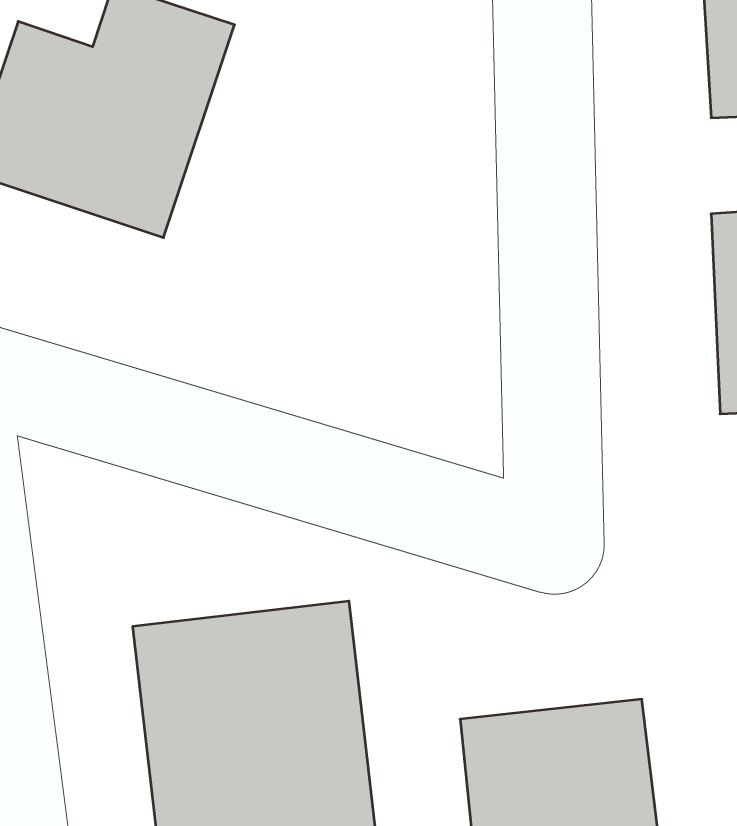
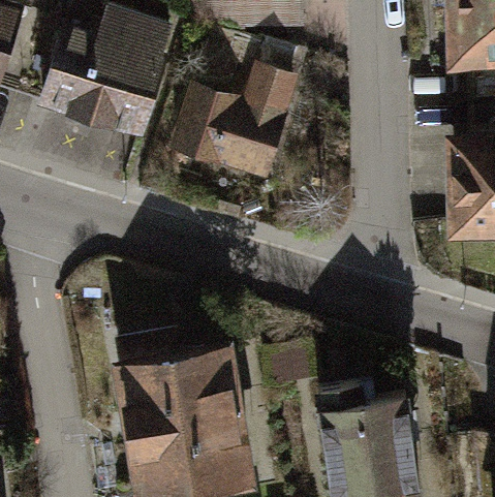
building: none -> [191,51,303,177]

